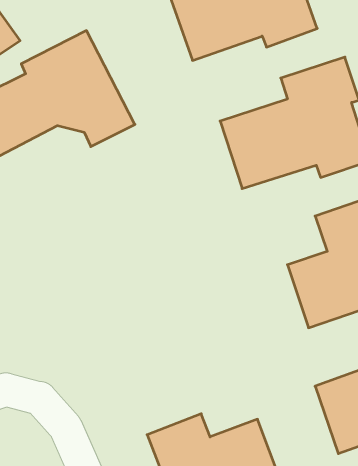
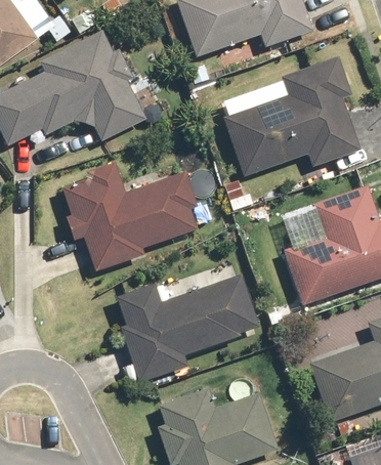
building: none -> [59,167,203,274]
building: none -> [115,274,258,380]

